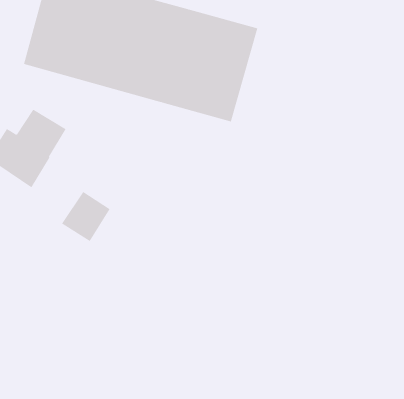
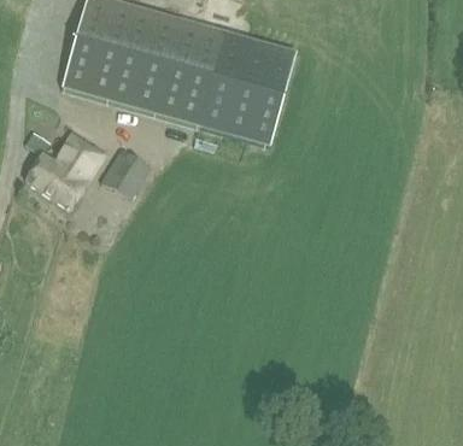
building: [61,191,111,242] -> [101,148,151,199]

